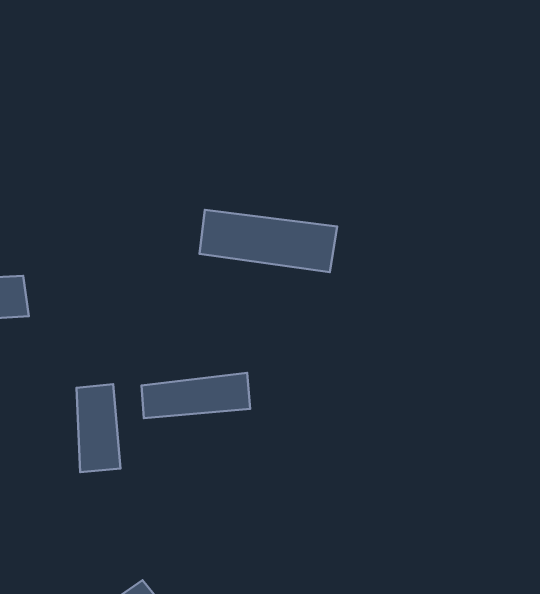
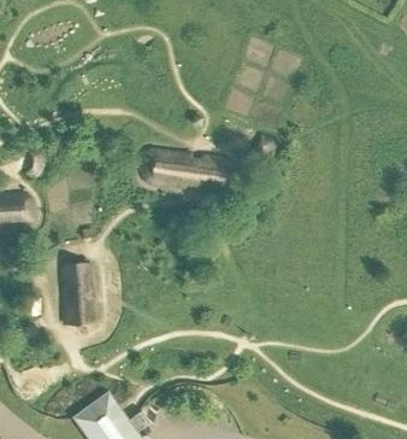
building: [142,373,250,418] -> none

